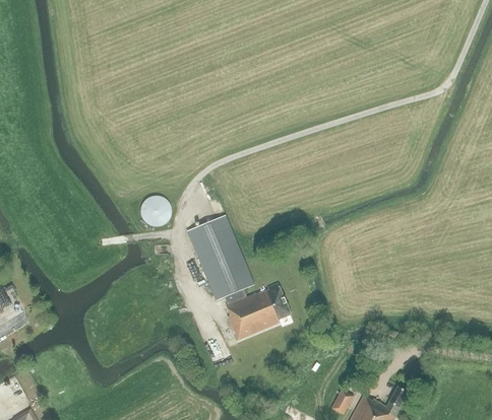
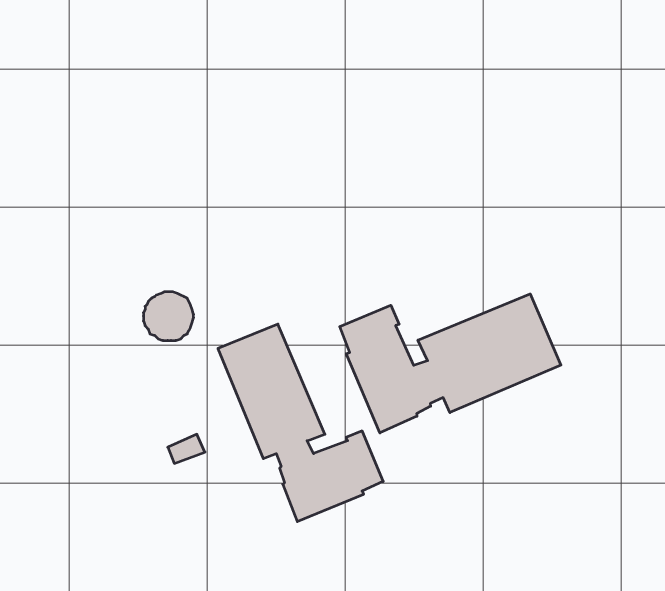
building: none -> [340,294,561,433]

